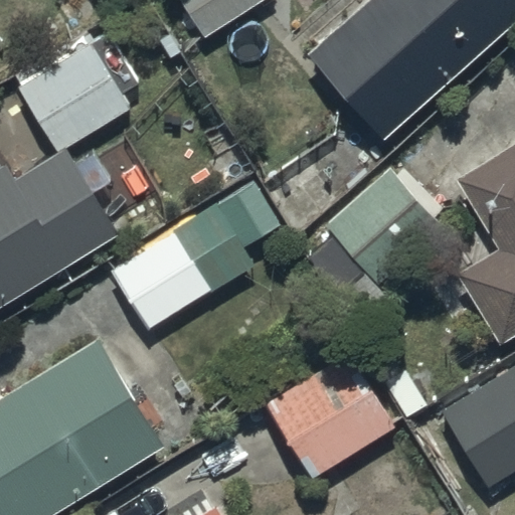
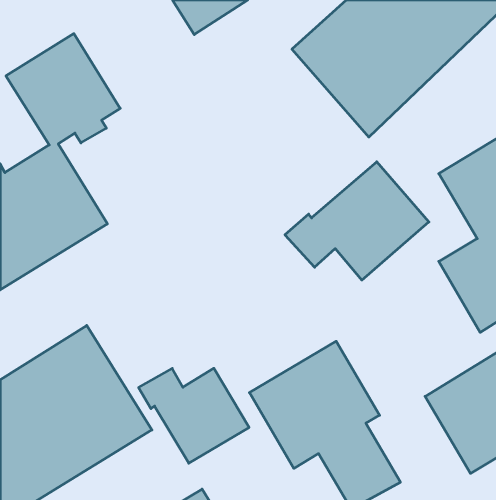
building: [109,187,285,333] -> none
building: none -> [139,368,249,463]

